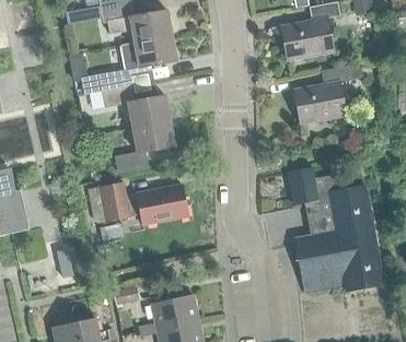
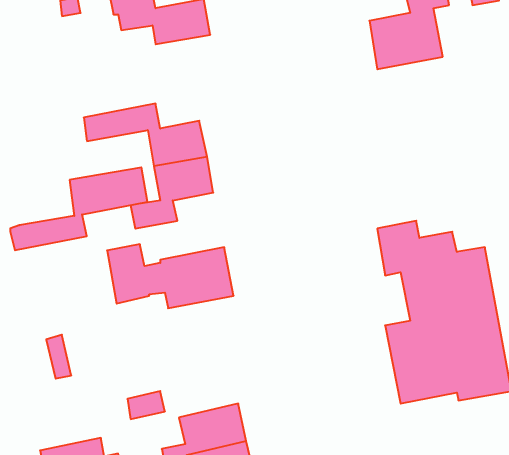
building: [79,36,175,94] -> [10,167,148,250]
building: [294,64,362,125] -> none

